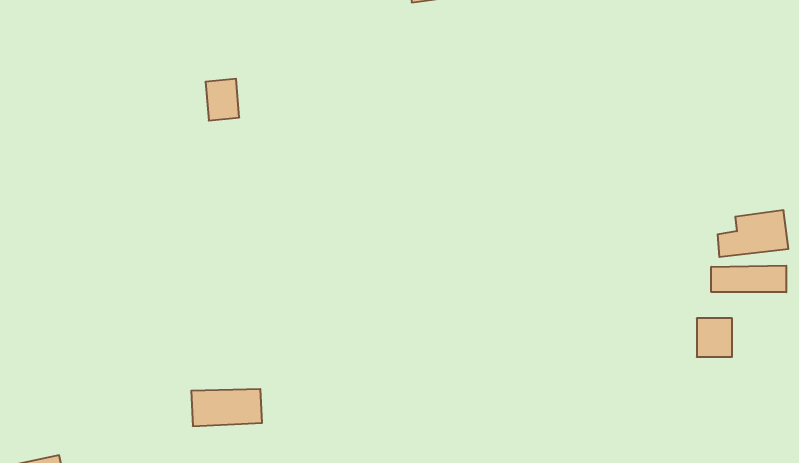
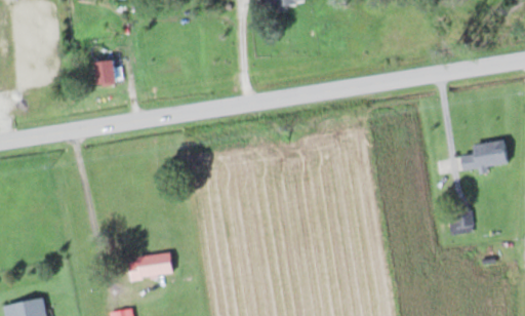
building: [205,79,239,121] -> [94,60,116,86]
building: [711,266,786,292] -> none

